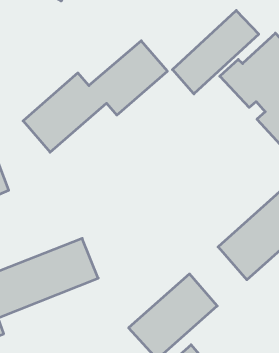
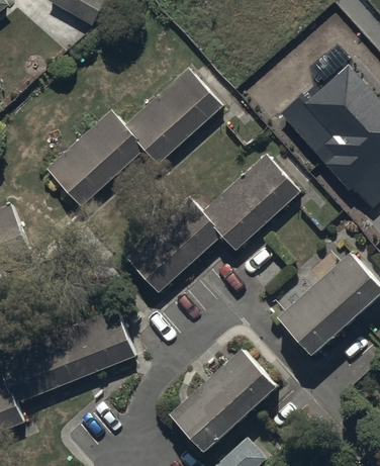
building: [172,10,259,94] -> none
building: none -> [123,154,300,291]

